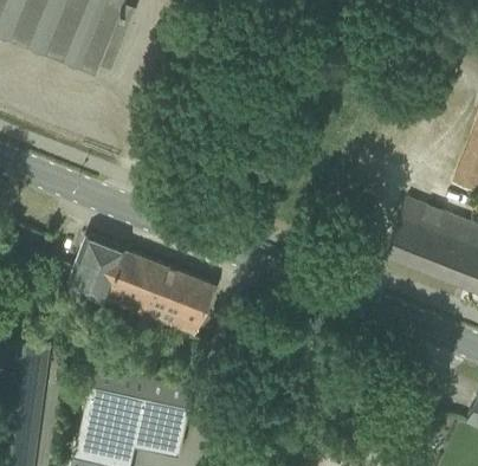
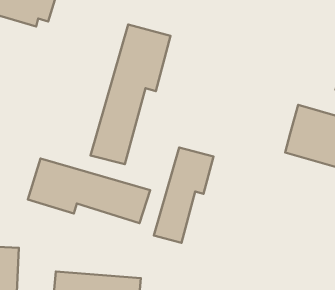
building: none -> [90,25,171,164]
building: none -> [154,147,214,243]

